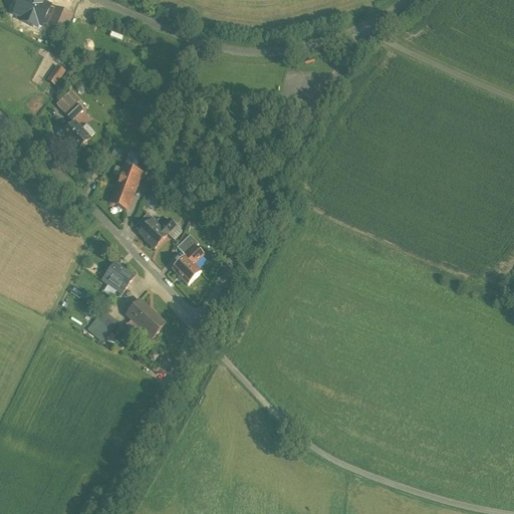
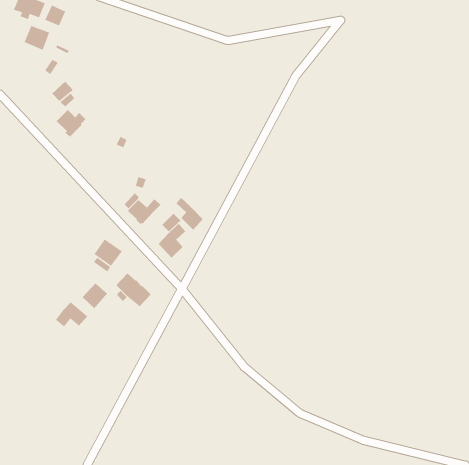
building: none -> [23,25,50,51]
building: [111,168,140,207] -> none
building: none -> [175,197,203,231]
building: none -> [55,302,88,328]

